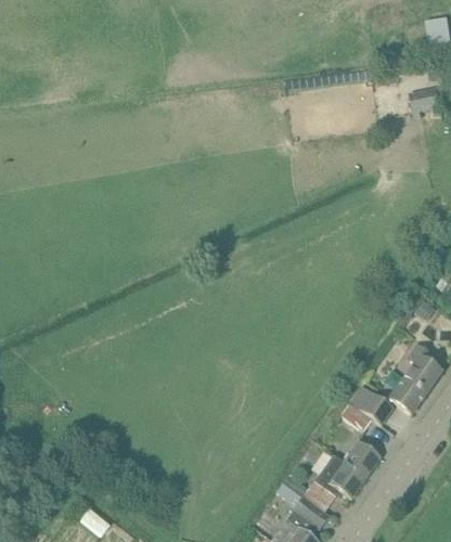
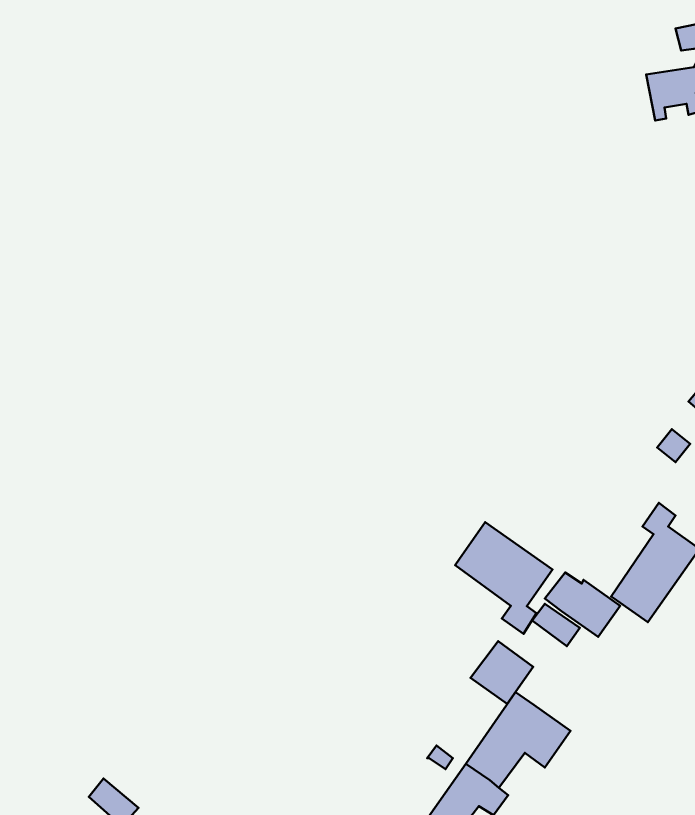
building: none -> [455,522,552,634]
building: [344,440,381,477] -> [471,641,533,704]

